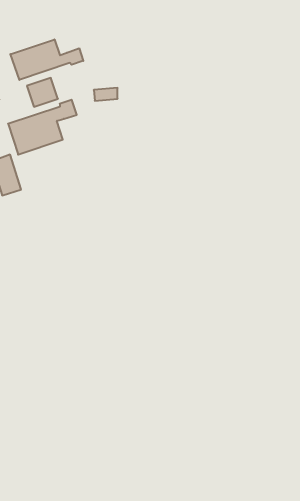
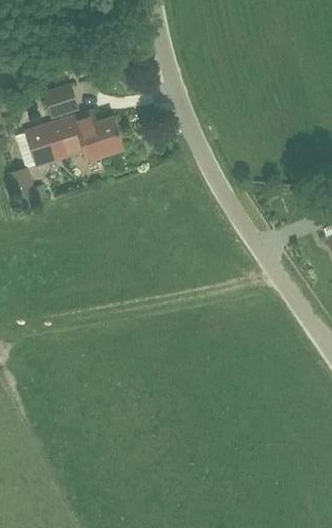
building: [10,39,83,80] -> none
building: none -> [76,119,123,160]

